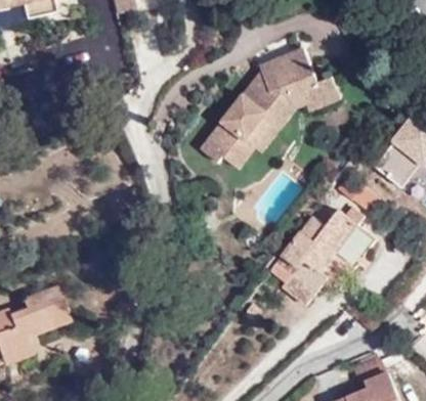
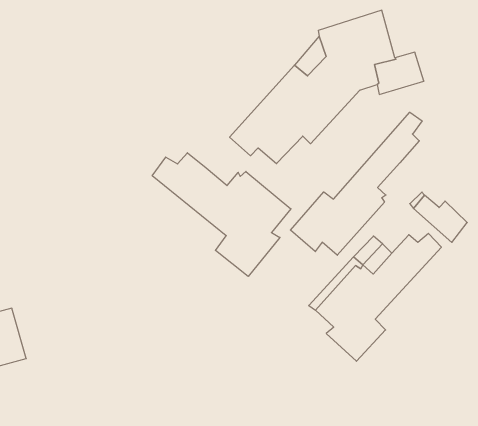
building: none -> [290,112,422,255]
building: none -> [152,153,291,276]

